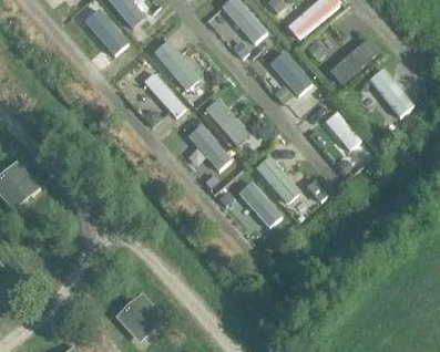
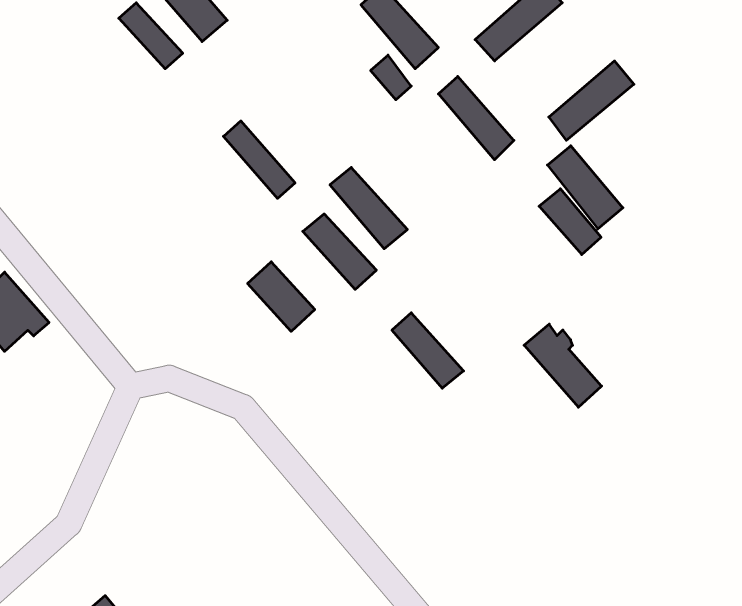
building: [154,40,202,90] -> none
building: [370,69,413,116] -> [547,146,623,229]
building: none -> [248,262,315,331]
building: [255,156,299,204] -> [524,324,602,407]
building: [116,293,164,338] -> none

